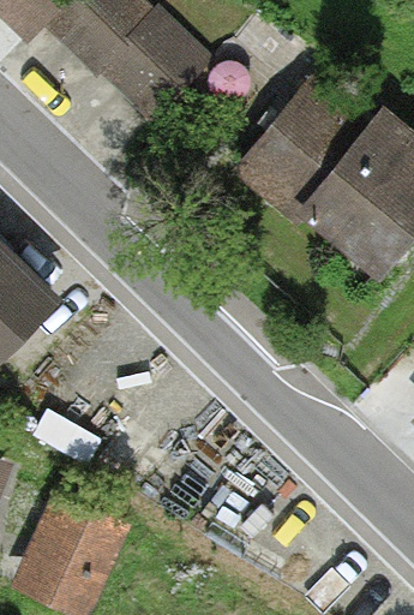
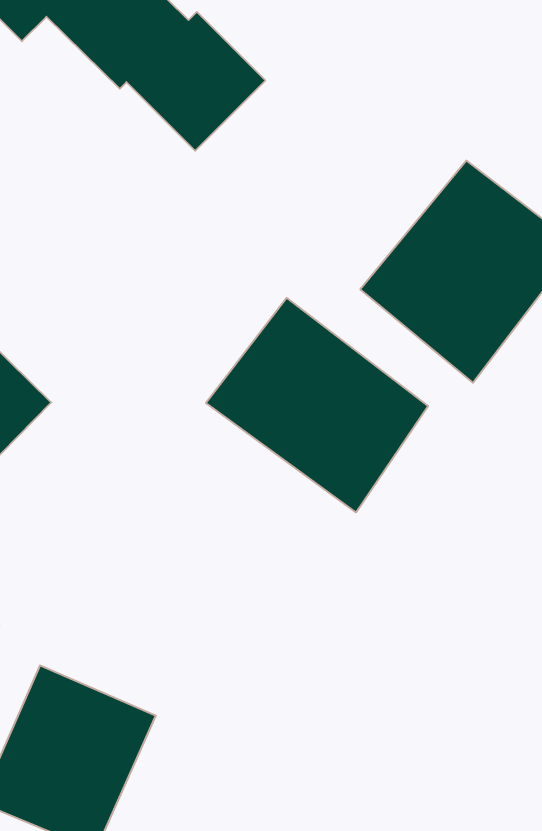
building: [229,79,358,215] -> none
building: none -> [206,298,428,512]

